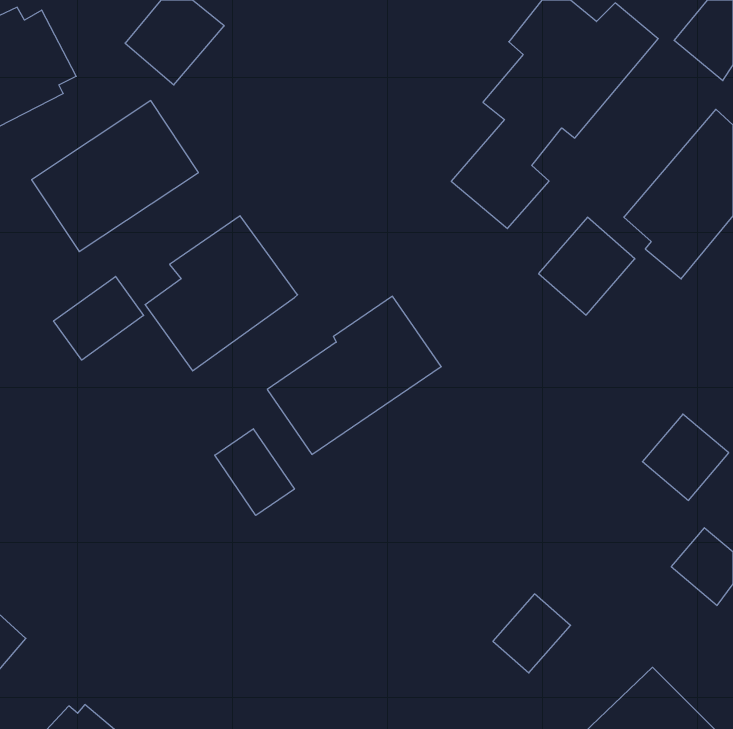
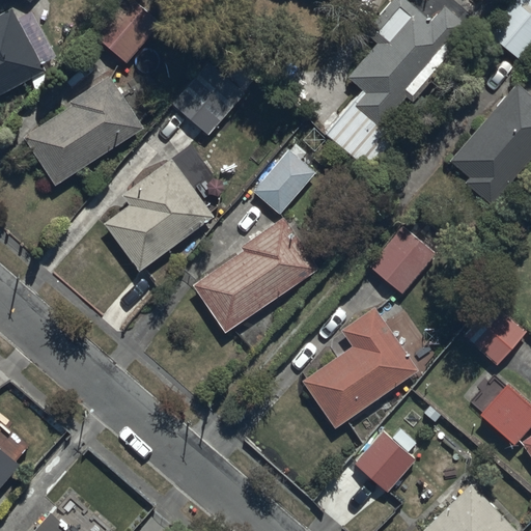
building: none -> [180,63,244,128]
building: none -> [252,145,315,216]
building: [539,217,635,315] -> [368,226,438,297]
building: [54,276,144,360] -> none
building: none -> [303,307,418,428]
building: [215,429,294,515] -> none

